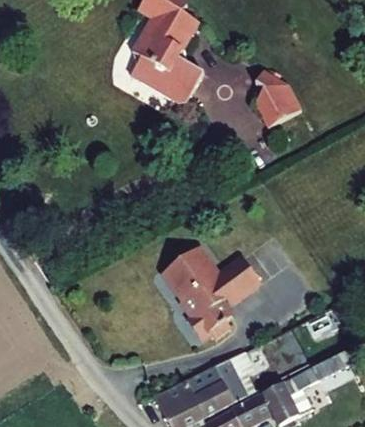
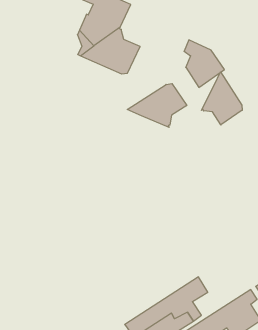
building: none -> [201,72,242,125]
building: none -> [127,84,187,127]
building: [165,247,260,337] -> none

